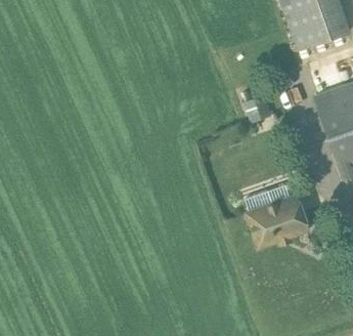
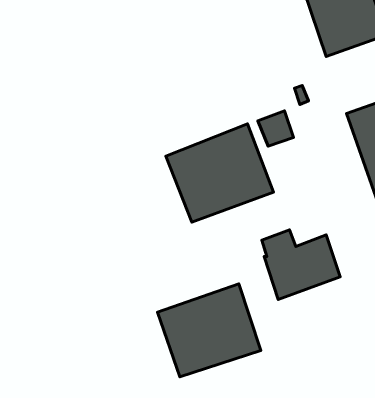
building: none -> [166,124,273,222]
building: none -> [157,284,261,377]

